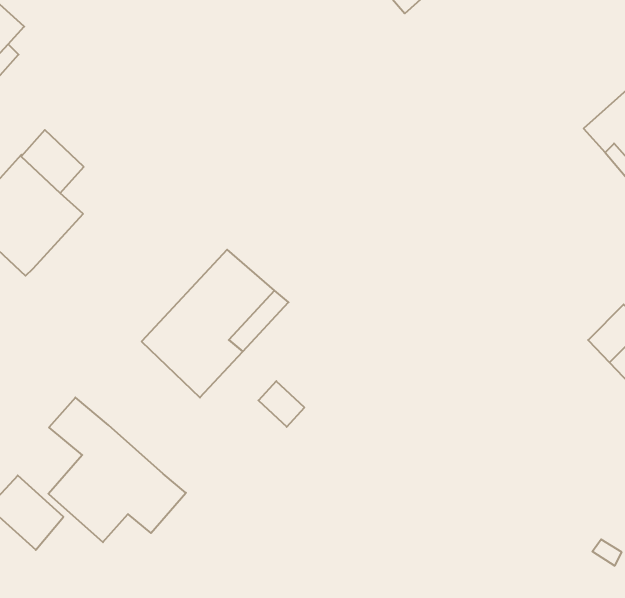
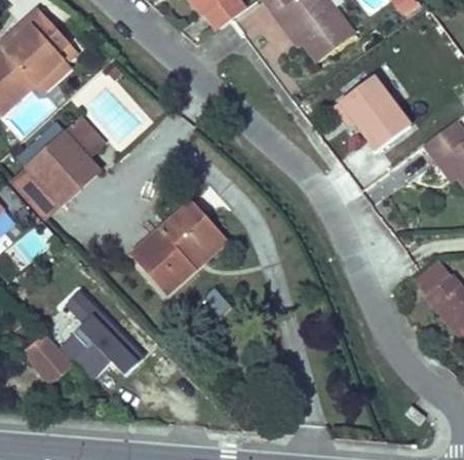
building: none -> [338,77,409,147]

